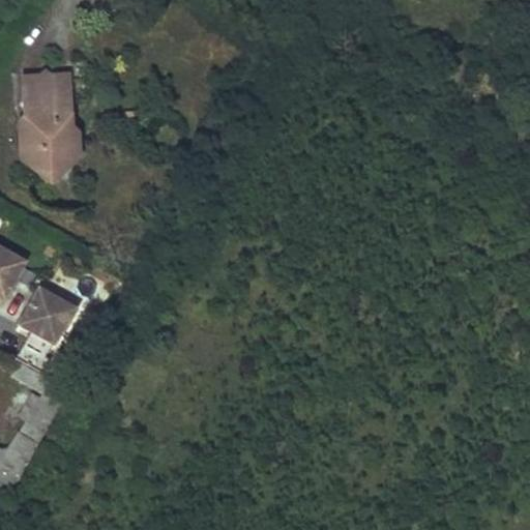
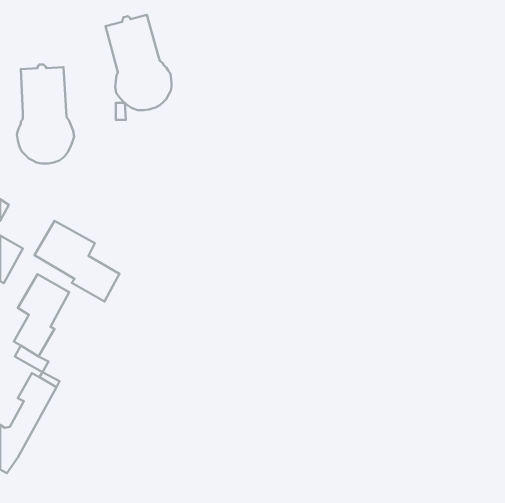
building: none -> [106,15,172,110]
building: none -> [35,221,120,302]

